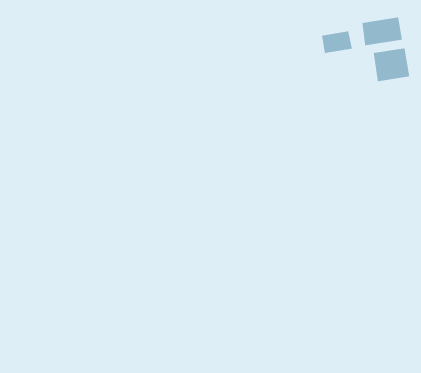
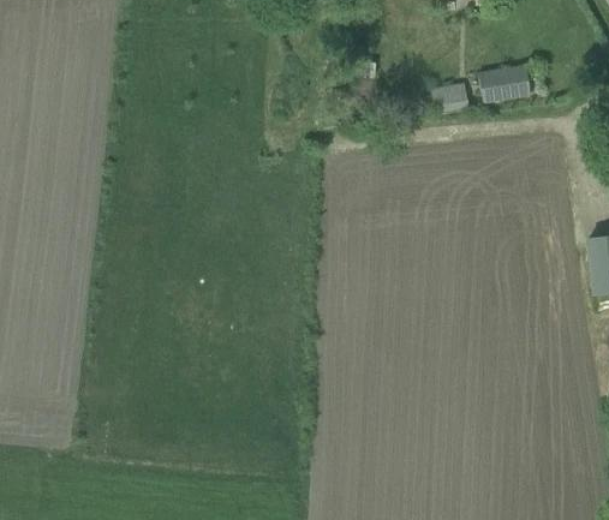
building: [373,48,410,82] -> none

